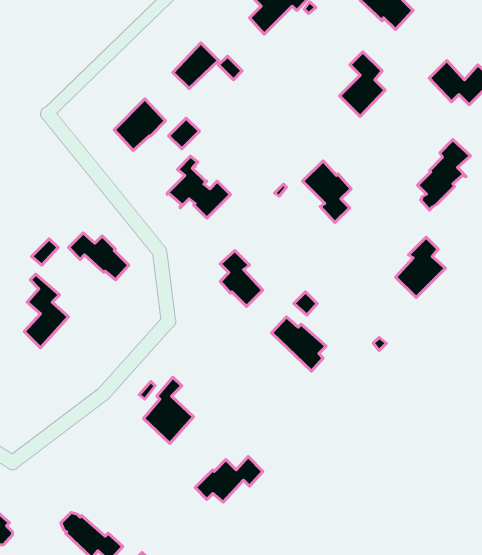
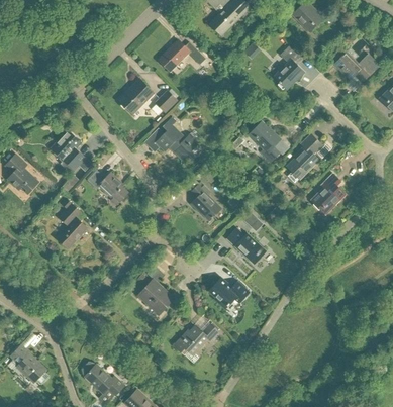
building: [418,140,471,210] -> [286,134,322,183]
building: none -> [51,129,86,170]
building: none -> [208,277,249,308]

